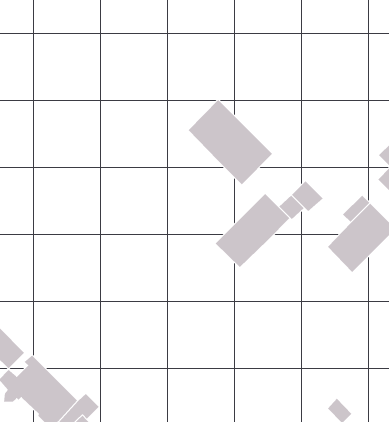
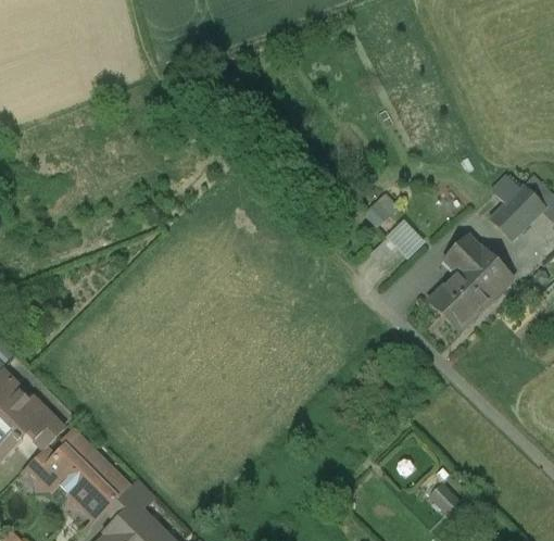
building: [188,99,273,185] -> none
building: none -> [364,192,399,227]
building: [215,193,290,268] -> none

